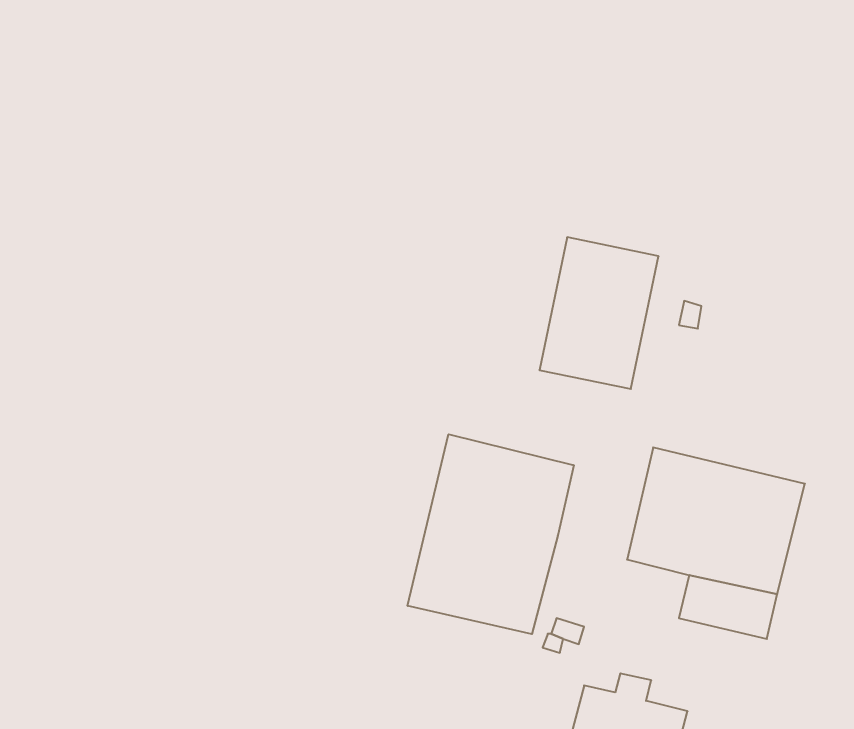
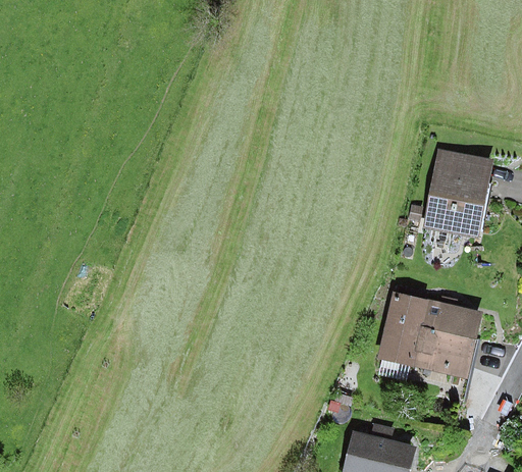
building: [539,237,659,389] -> [423,149,493,239]
building: [408,434,574,634] -> none

